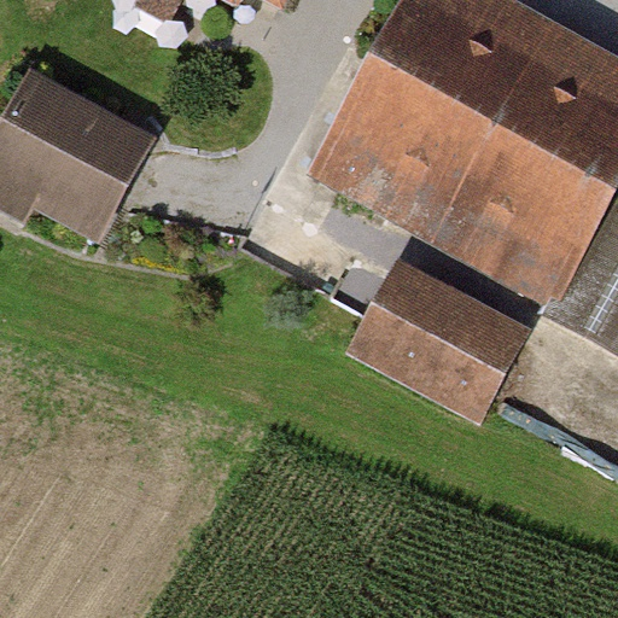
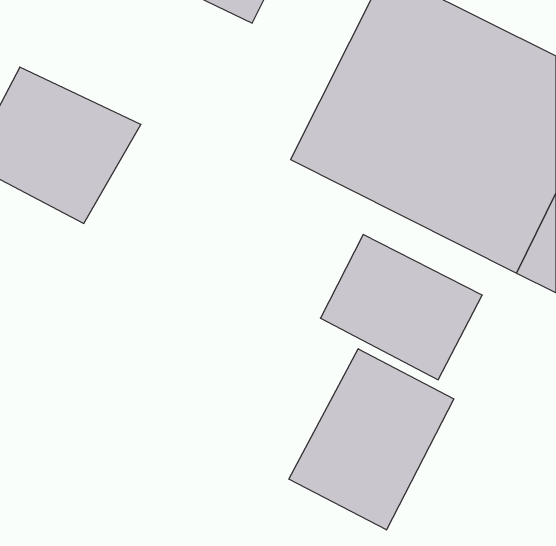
building: none -> [289,349,454,530]

